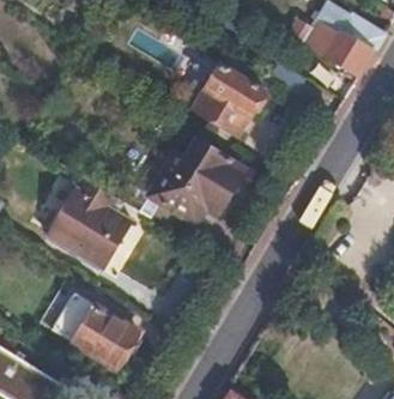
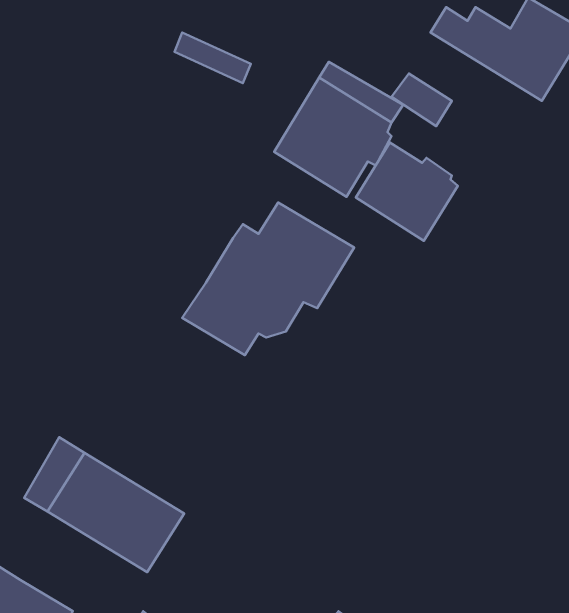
building: none -> [356,143,458,241]
building: [50,179,137,271] -> none

